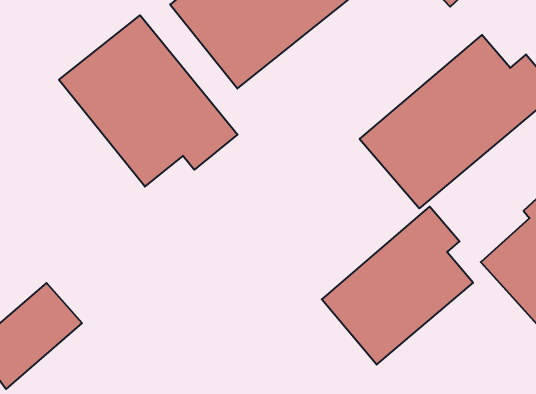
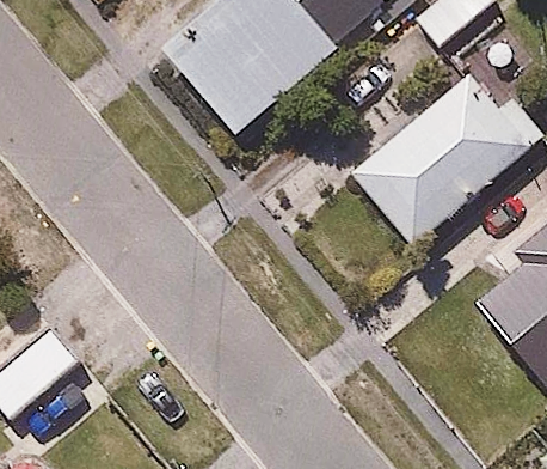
building: [59,15,238,187] -> none
building: [322,207,473,365] -> none

